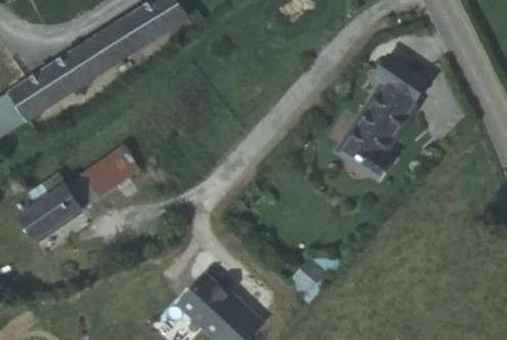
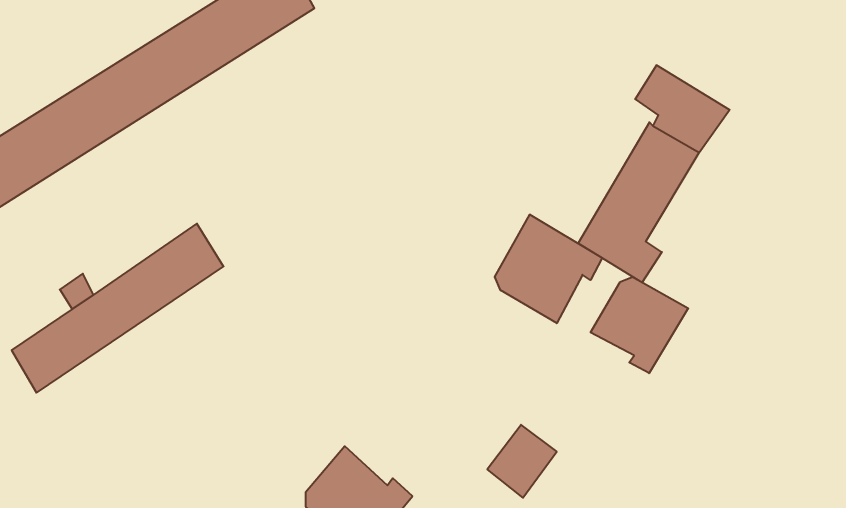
building: none -> [495,214,602,323]
building: none -> [591,277,688,373]

